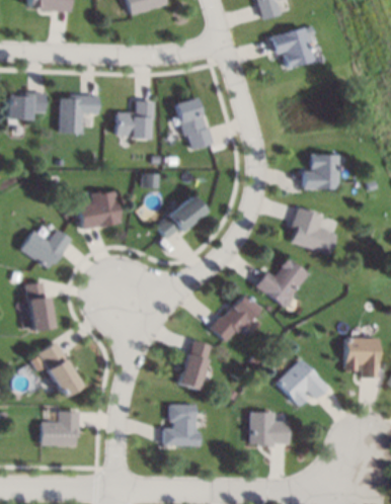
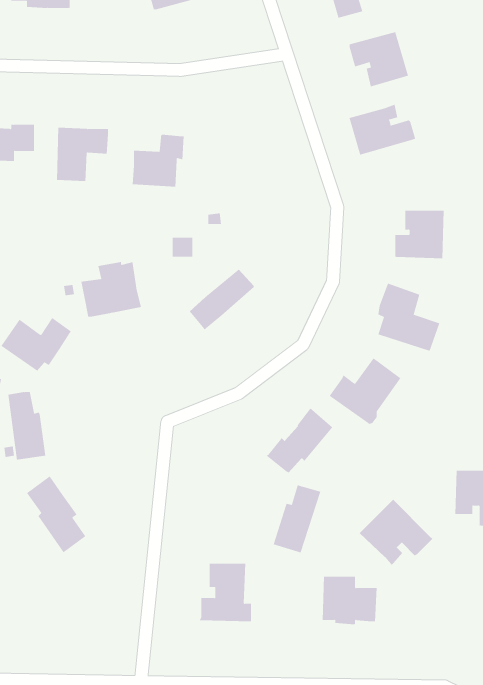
building: none -> [349,104,416,156]
building: [175,97,213,149] -> none
building: [177,340,212,389] -> [273,484,321,553]
building: [43,412,80,446] -> none

